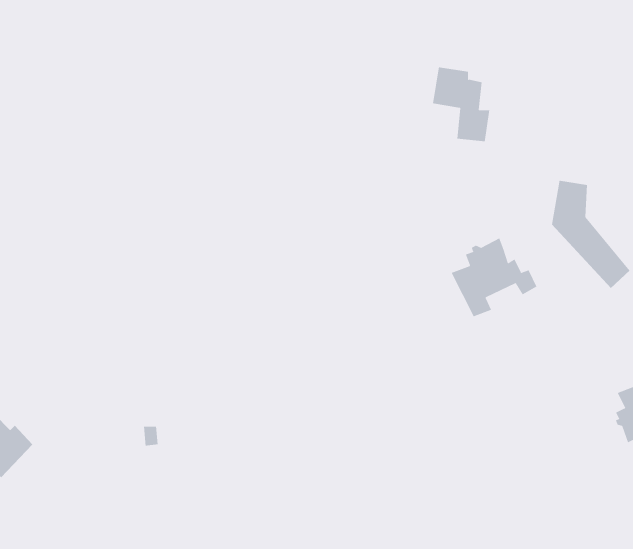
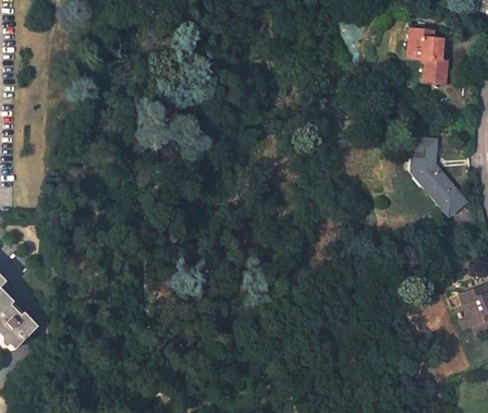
building: [432,67,490,142] -> [407,32,449,85]
building: [451,238,537,317] -> none

